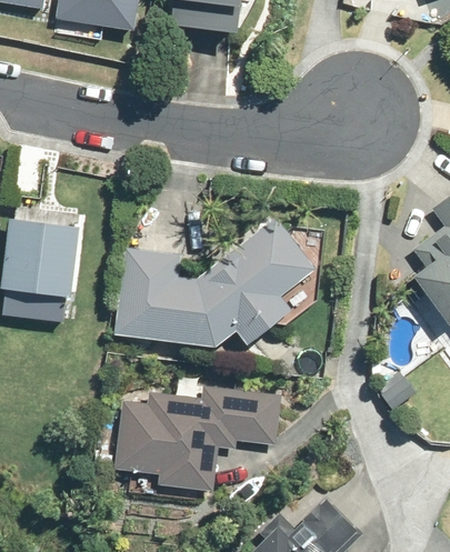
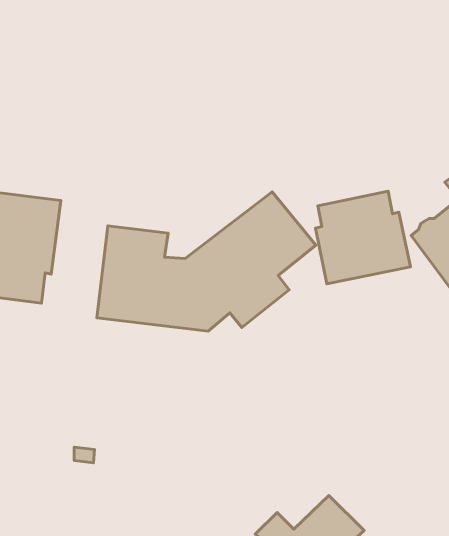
building: none -> [315,191,410,284]
building: [113,387,279,490] -> none

